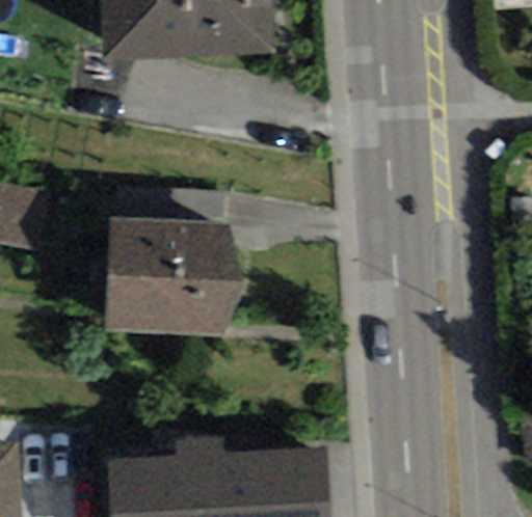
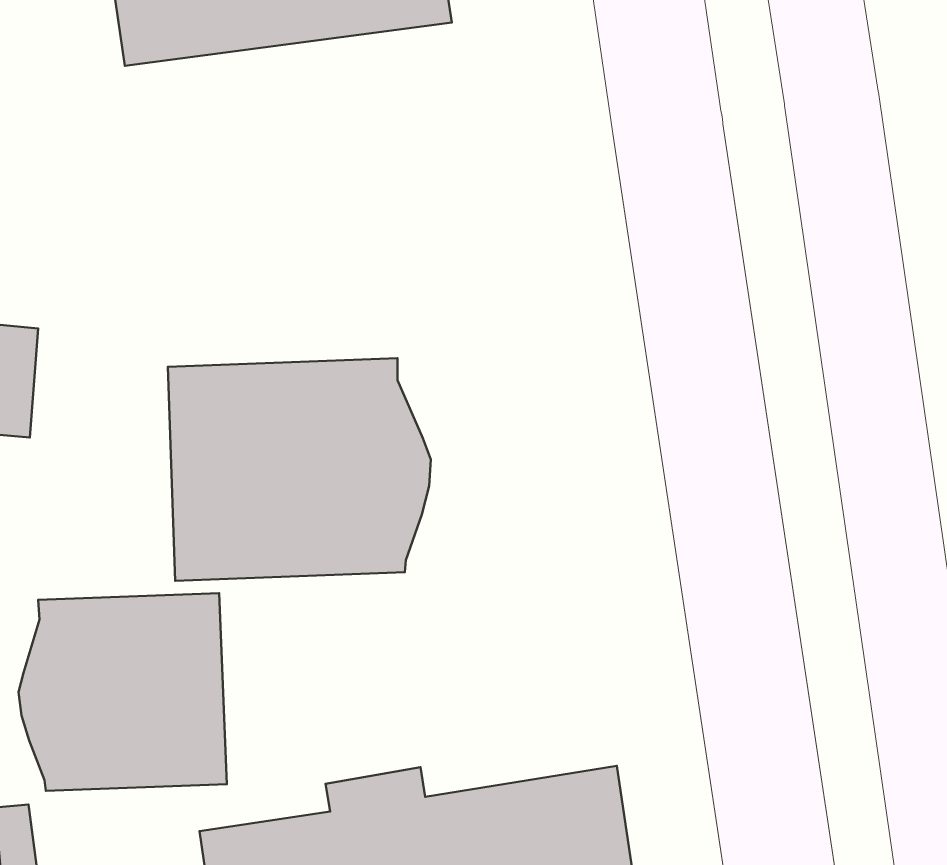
building: none -> [18,593,227,791]

